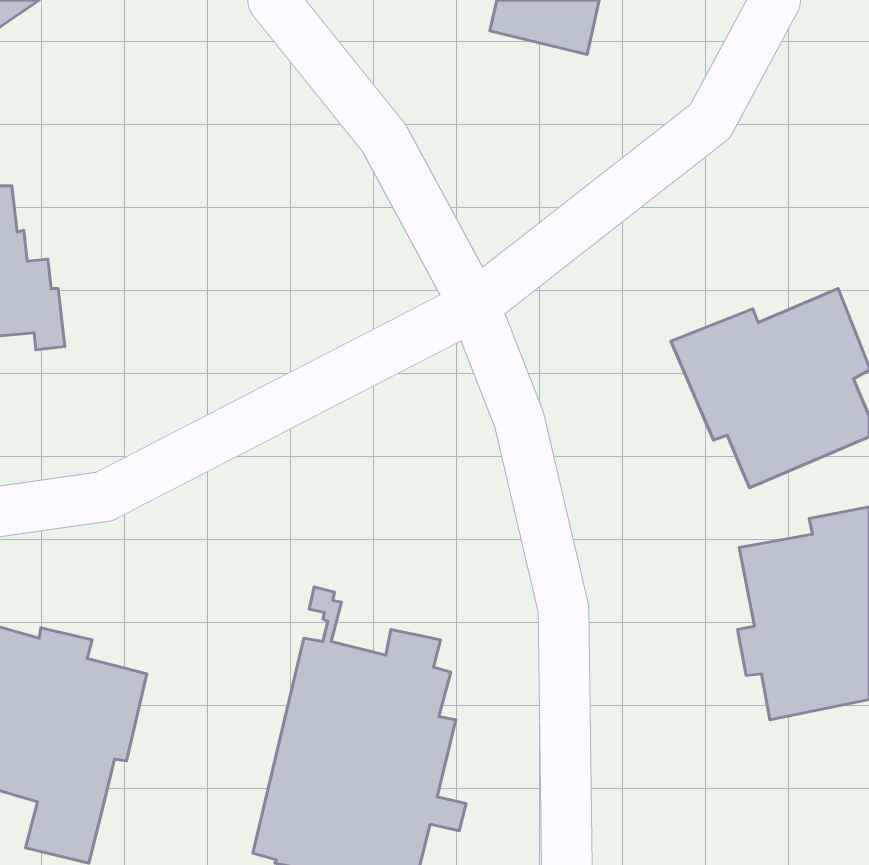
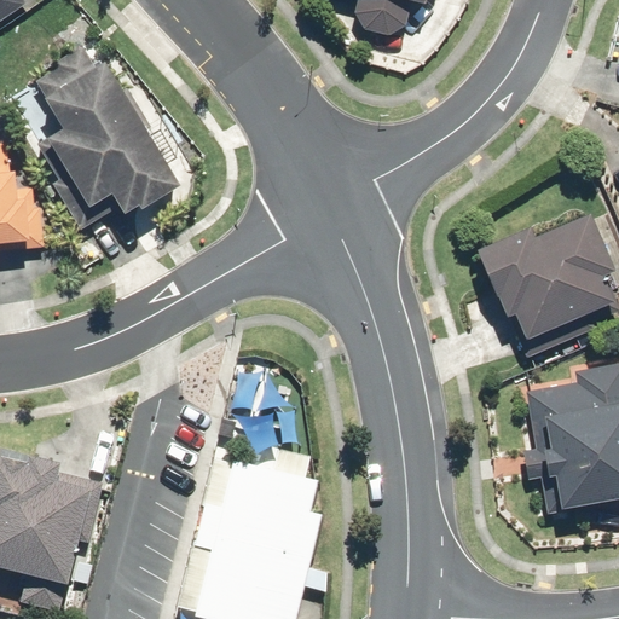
building: none -> [36,46,183,231]

